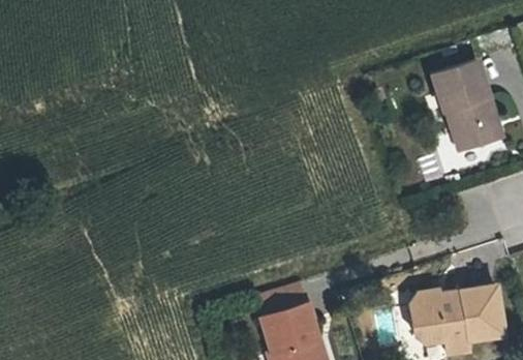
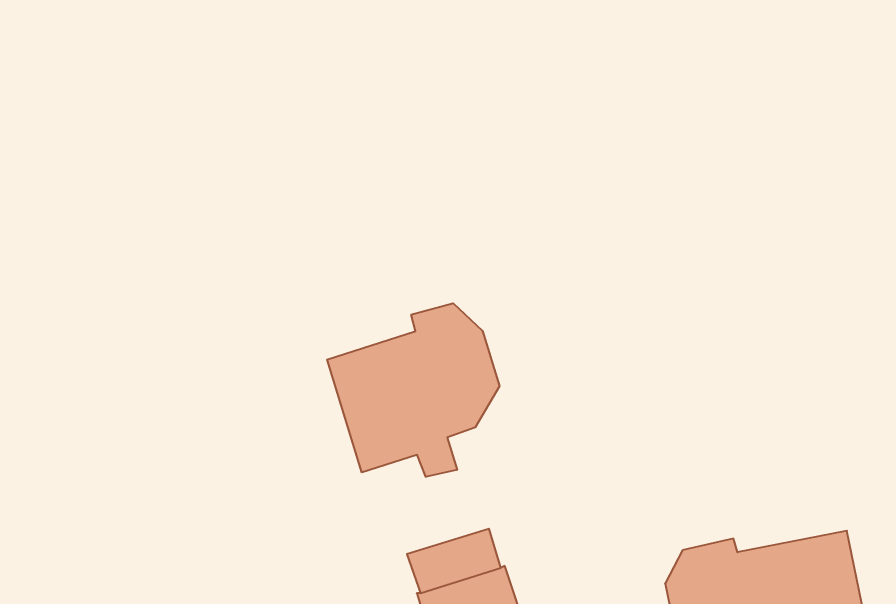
building: [434,71,493,148] -> none
building: none -> [327,303,499,477]

